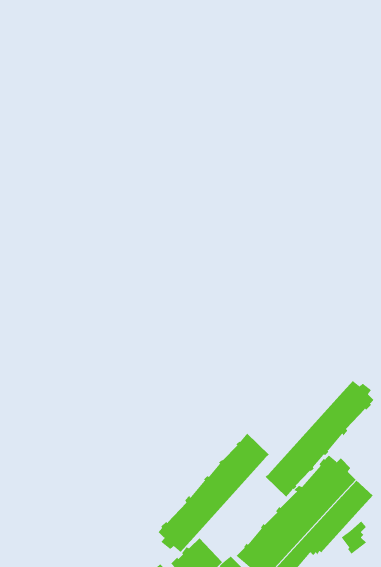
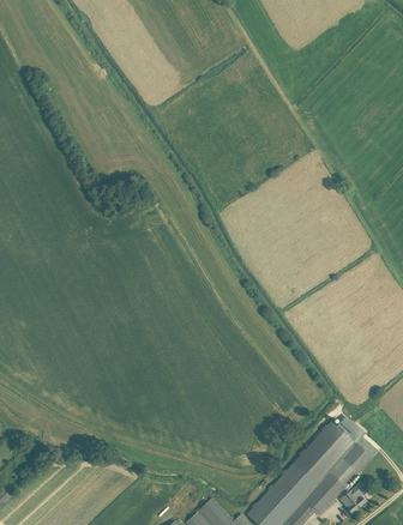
building: [265,380,374,498] -> none
building: [158,433,270,553] -> none

